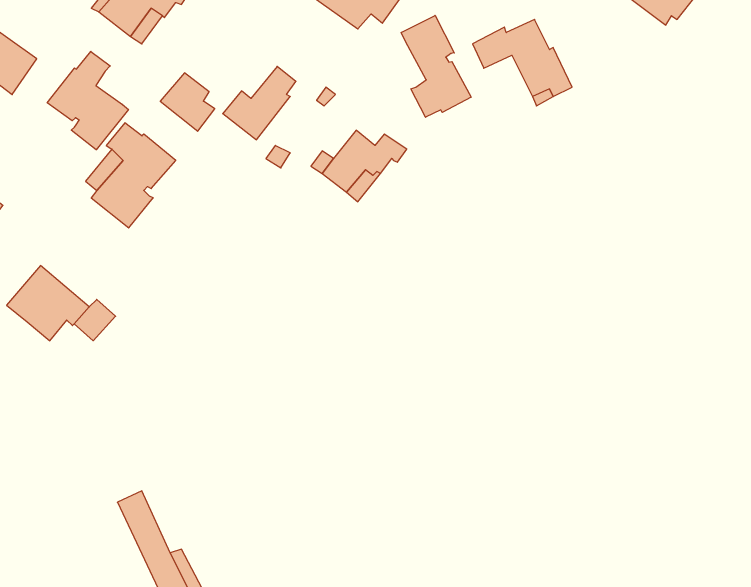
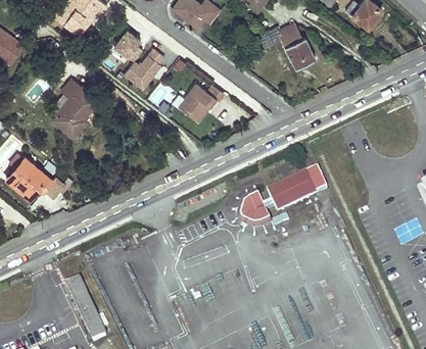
building: [401,15,471,117] -> none
building: [47,51,128,150] -> none
building: [160,73,215,131] -> [113,29,143,60]
building: none -> [241,163,327,221]

